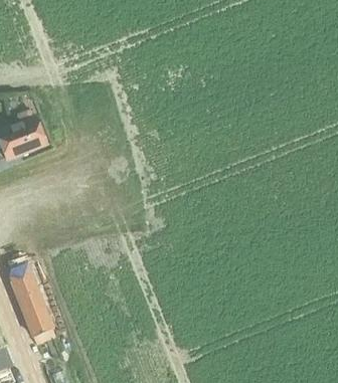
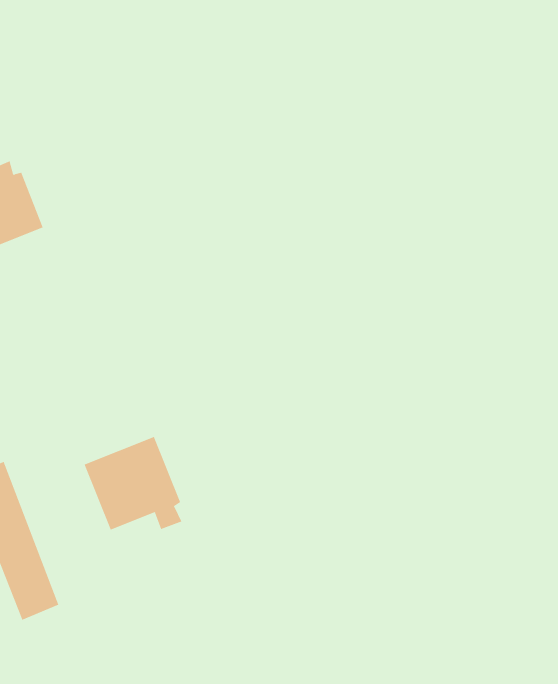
building: none -> [84,436,182,530]

